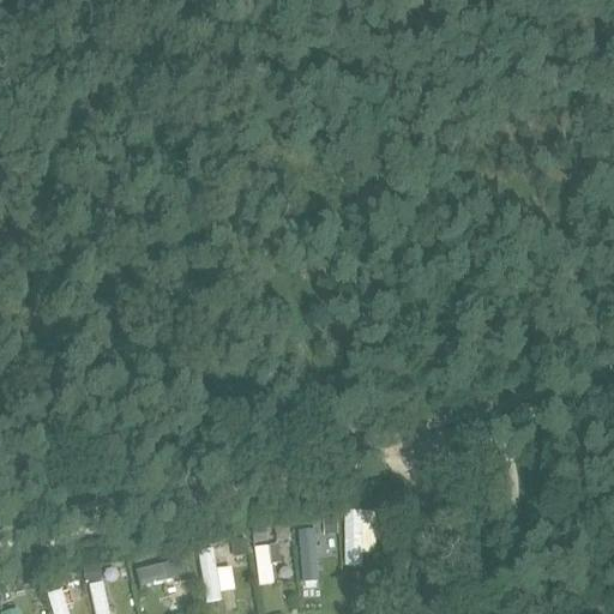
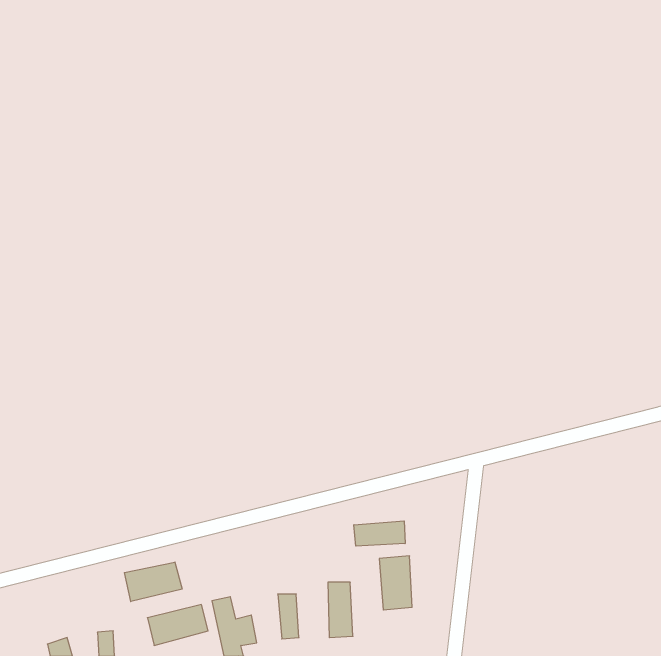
building: none -> [354,521,405,546]
building: none -> [124,562,182,602]

